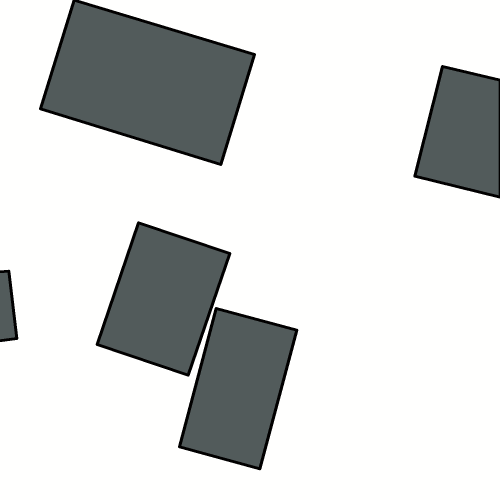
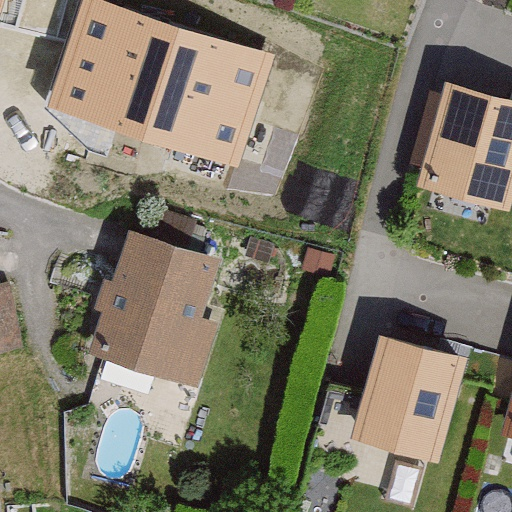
building: [179,308,297,469] -> none
building: none -> [351,325,468,461]

